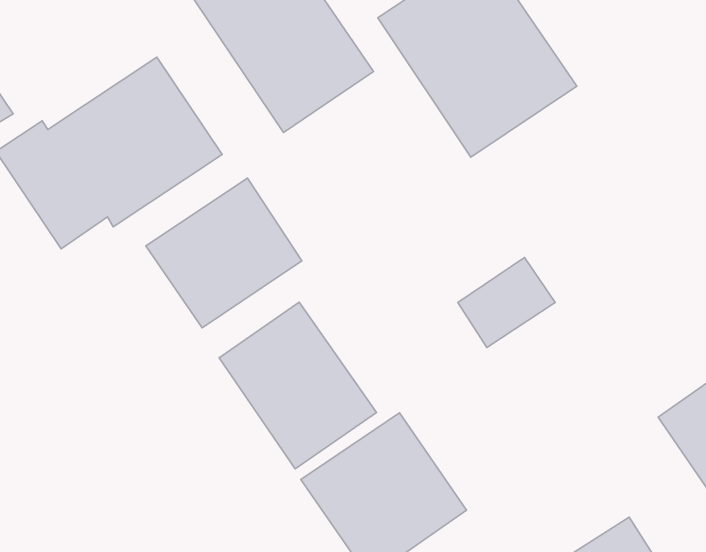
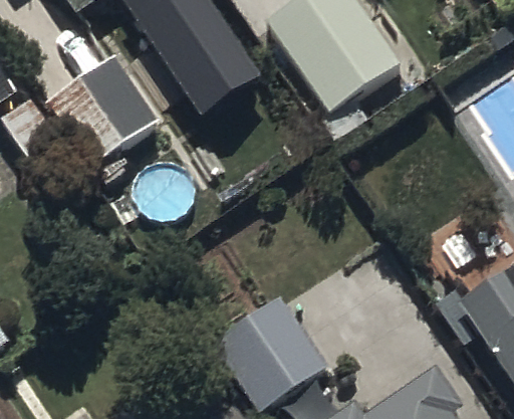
building: [146,178,302,328] -> none
building: [219,302,376,469] -> none

